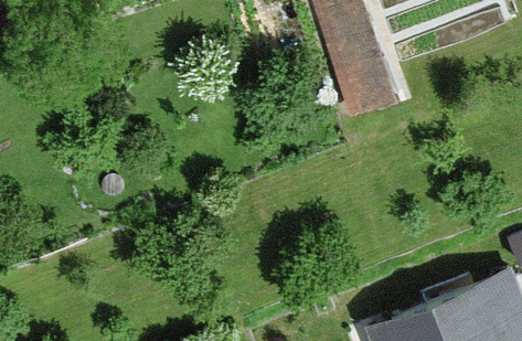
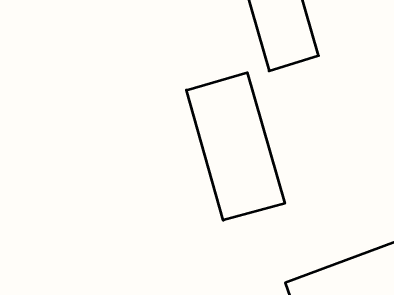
building: none -> [186,73,285,220]

